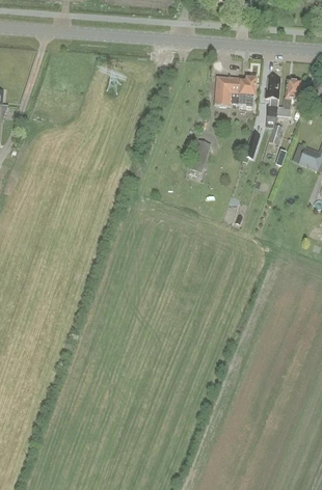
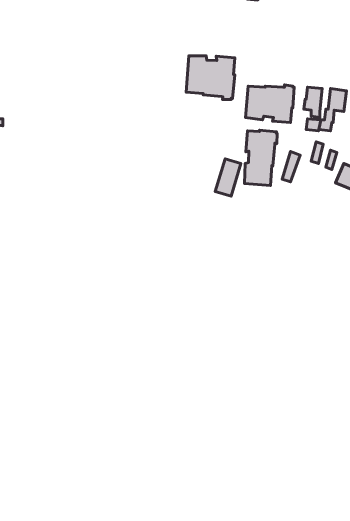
building: none -> [186,56,235,100]
building: none -> [245,130,277,185]

